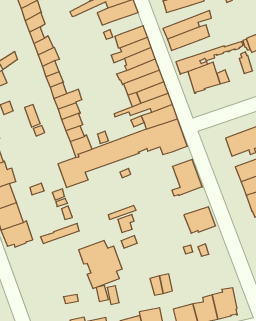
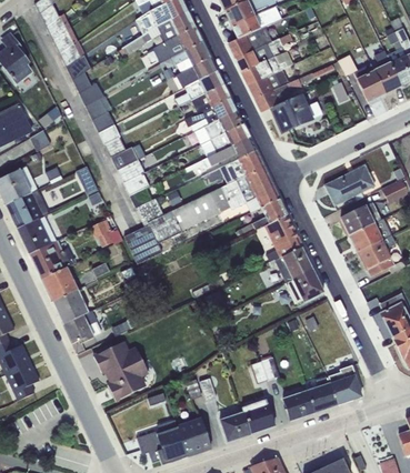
building: none -> [227,27,271,59]
building: none -> [171,42,210,72]
building: none -> [248,68,289,98]
building: none -> [236,199,287,238]
building: none -> [91,220,121,248]
building: none -> [274,246,312,282]
building: [79,241,122,289] -> [93,341,149,401]

